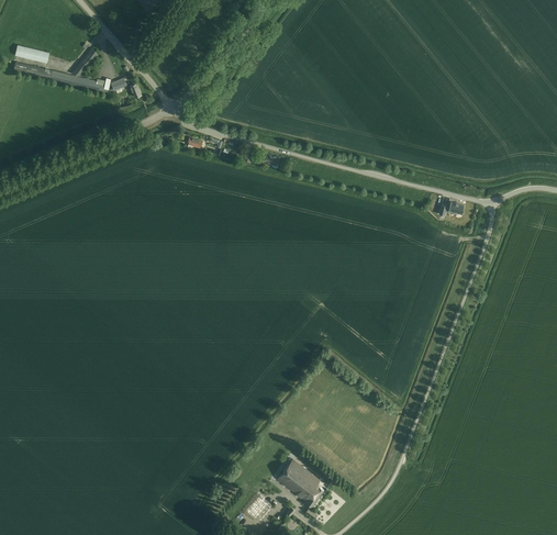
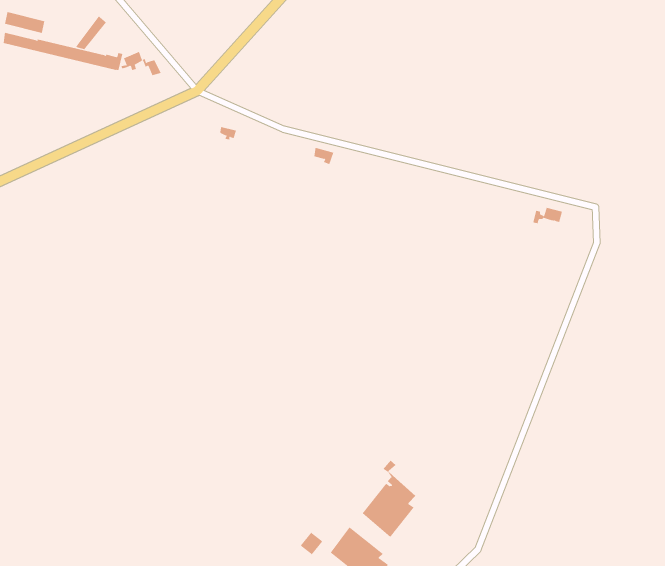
building: none -> [362,460,416,538]

